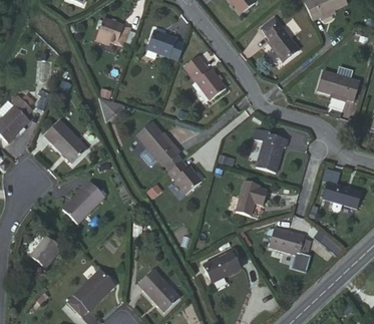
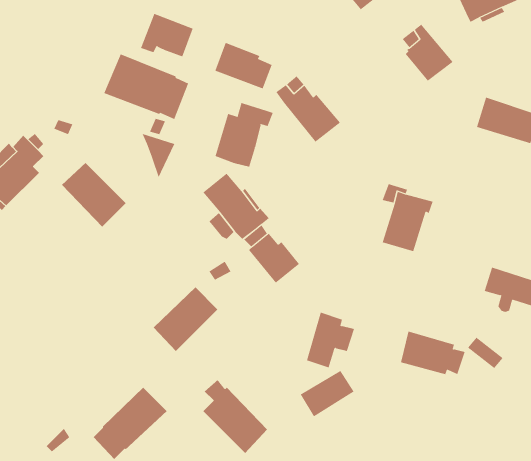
building: none -> [104,53,189,120]
building: none -> [215,102,274,168]
building: [57,175,100,218] -> [153,287,218,352]
building: [236,182,268,219] -> [306,312,355,368]
building: [29,234,59,264] -> none

